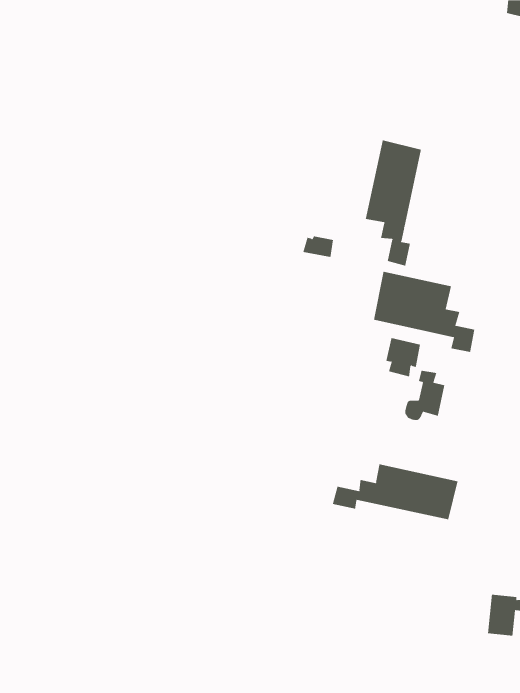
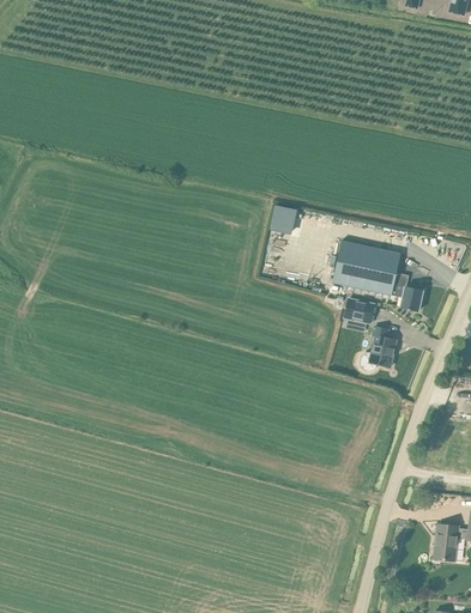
building: [365,139,421,267] -> none
building: [332,464,458,520] -> none

